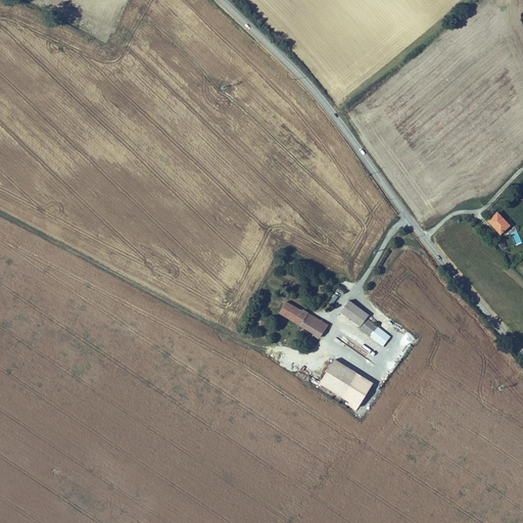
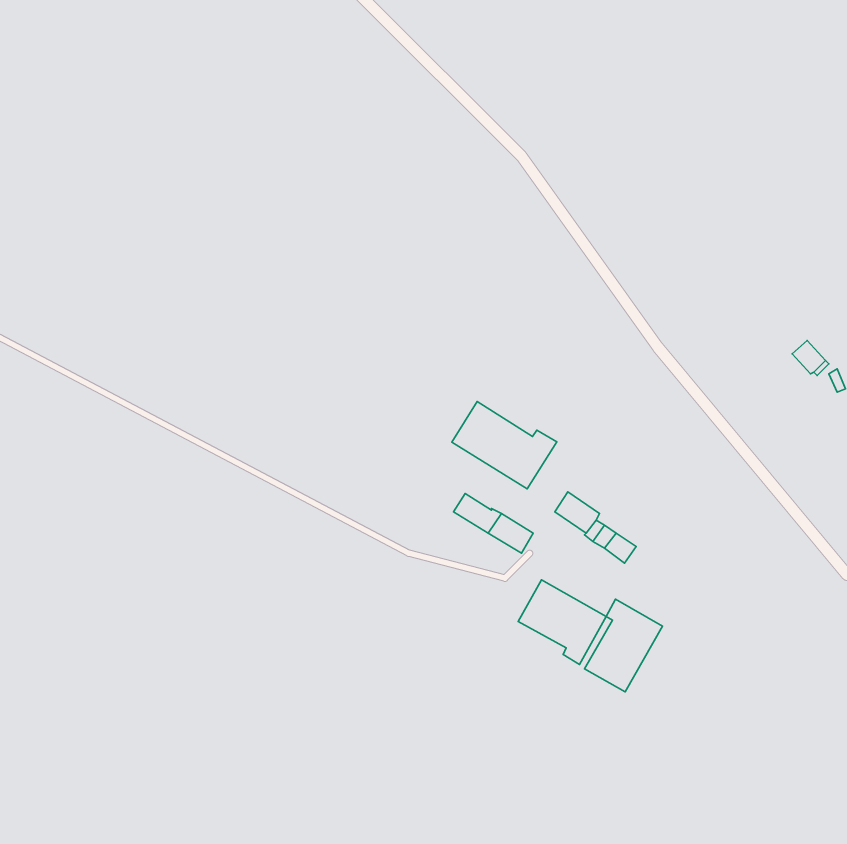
building: none -> [452,401,557,489]
building: none -> [584,599,662,692]

